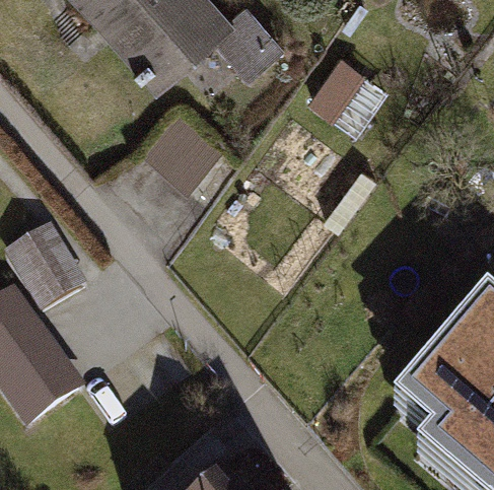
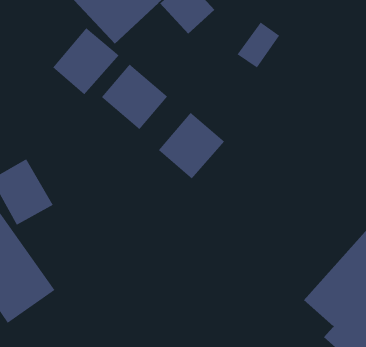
building: none -> [52,27,119,95]
building: none -> [158,112,225,179]

